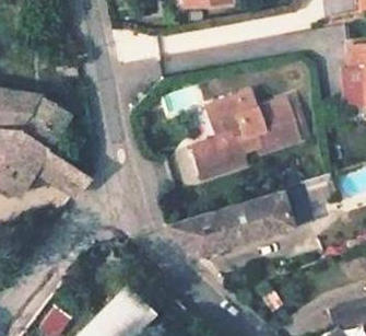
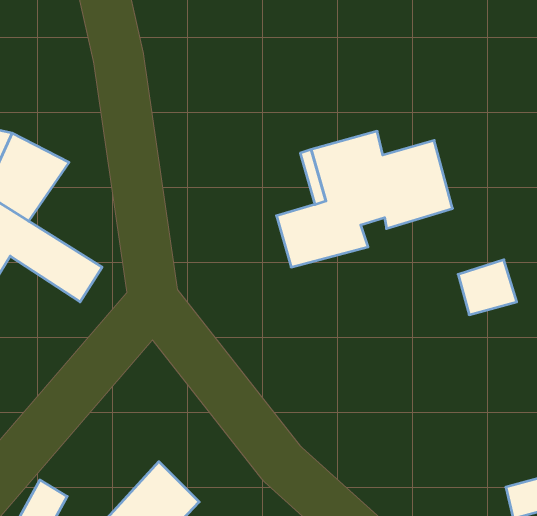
building: [166,185,310,254] -> none

